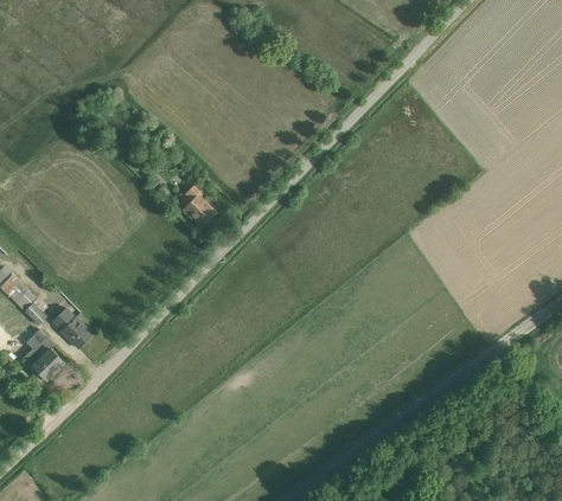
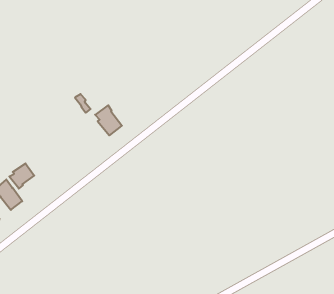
building: none -> [9,163,34,189]

